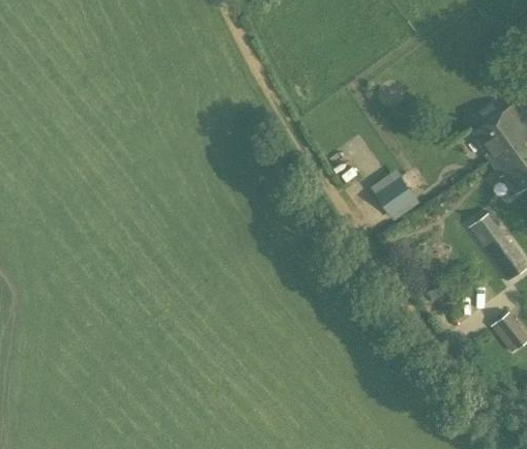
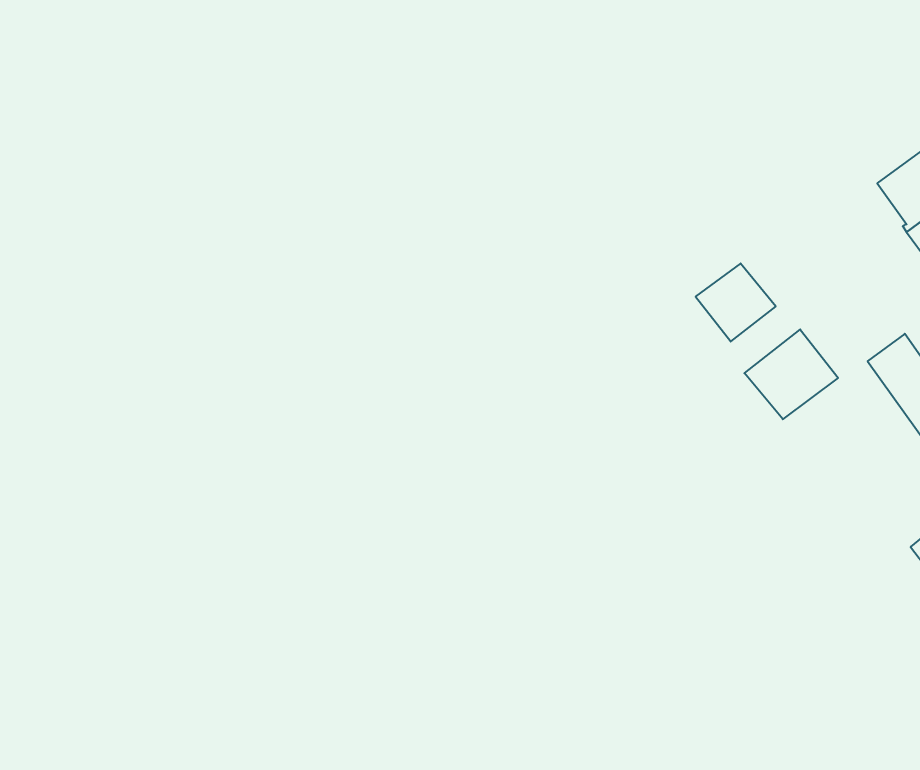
building: none -> [744,329,838,419]

